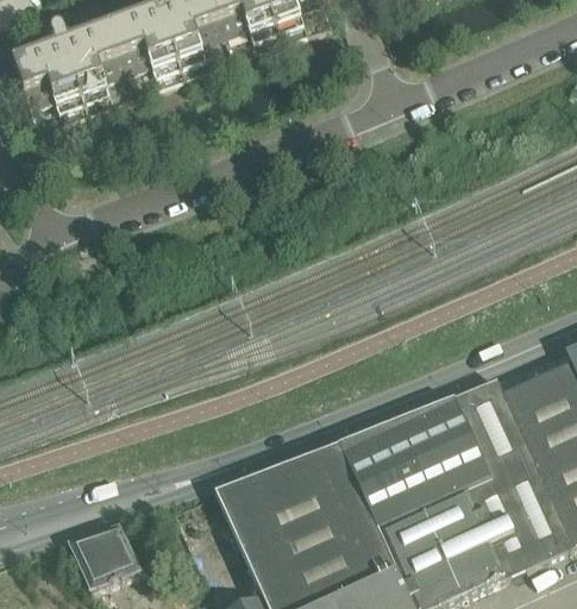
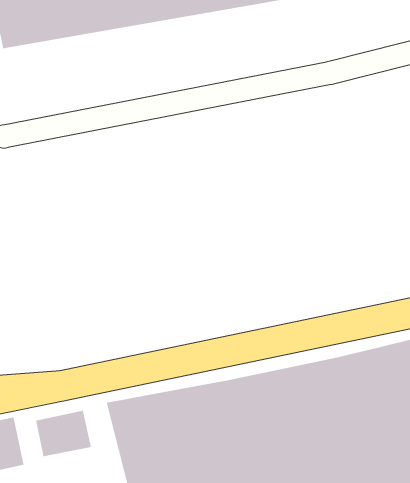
building: none -> [35,410,92,457]

